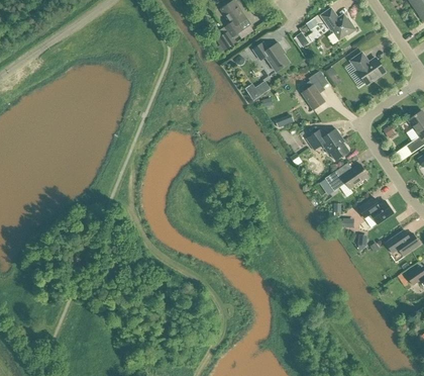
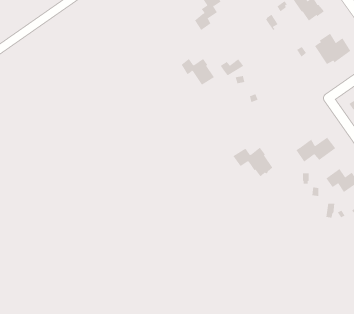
building: [253,41,290,71] -> [181,58,215,86]
building: [302,73,324,108] -> none
building: [306,127,349,160] -> [233,147,273,177]

